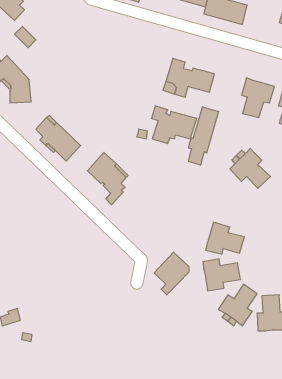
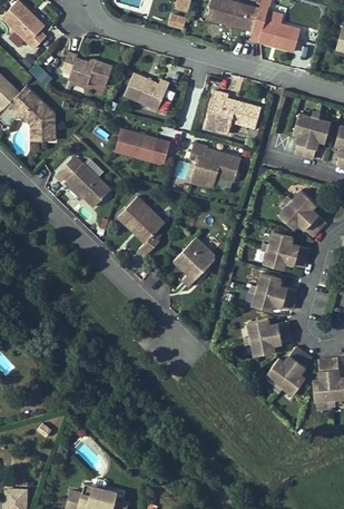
building: none -> [61,50,112,86]
building: none -> [120,69,164,102]
building: none -> [115,129,170,166]
building: [188,107,218,165] -> none
building: none -> [264,237,309,274]
building: [154,252,189,295] -> [178,237,218,286]

